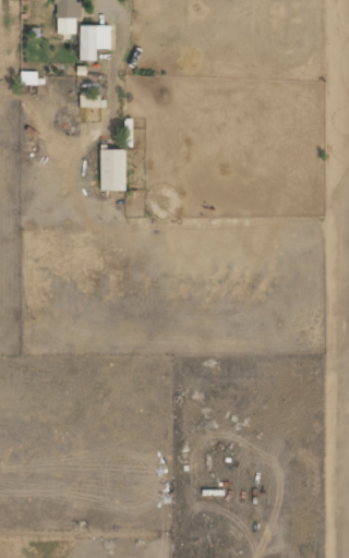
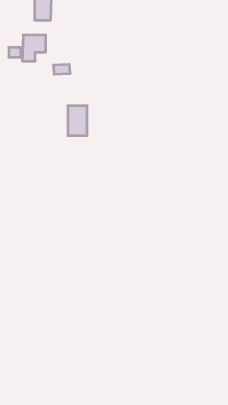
building: [80,25,111,60] -> [22,35,46,61]

